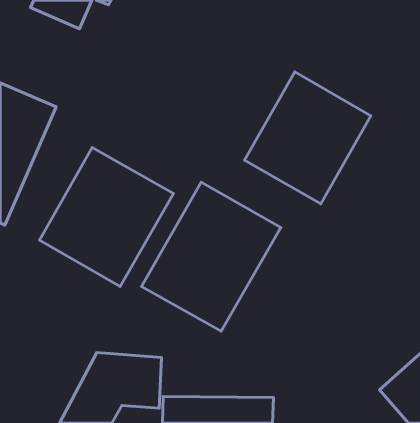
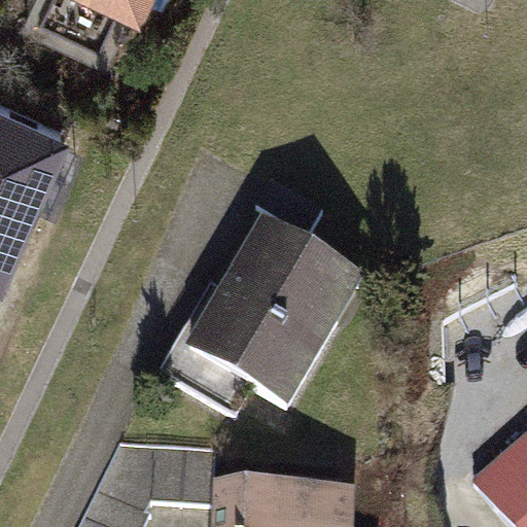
building: [244,72,371,204] -> none
building: [40,147,173,287] -> none

